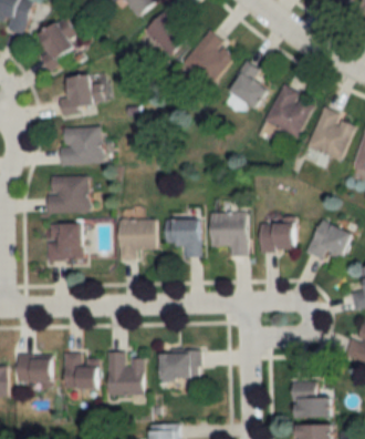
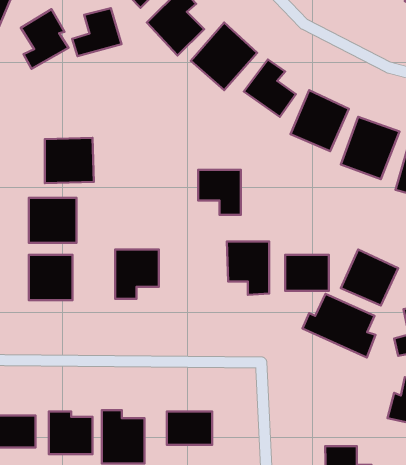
building: [56,73,97,113] -> [72,8,121,56]
building: [164,218,199,256] -> [198,170,241,215]
building: none -> [302,294,376,358]

